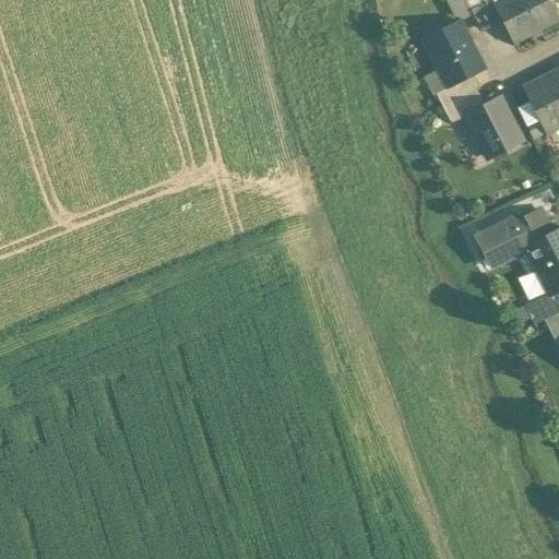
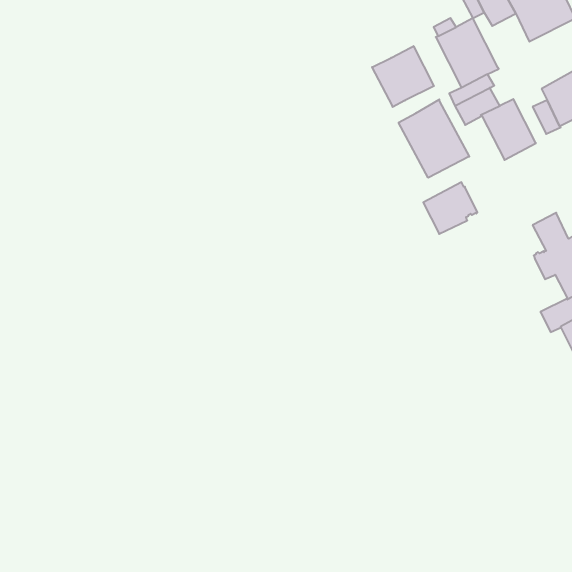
building: none -> [372,46,434,107]
building: none -> [399,99,469,178]
building: [479,214,532,264] -> [423,182,477,234]

